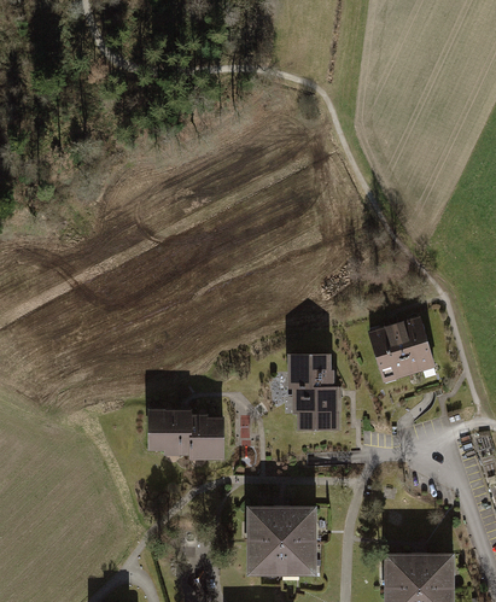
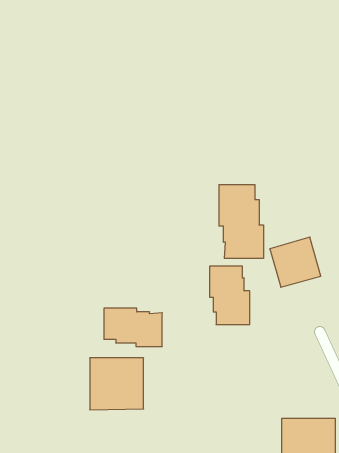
building: none -> [219,185,263,258]
building: [246,507,317,575] -> [90,358,144,410]

